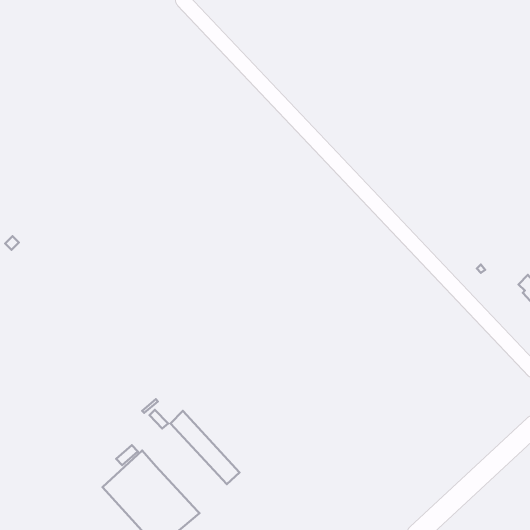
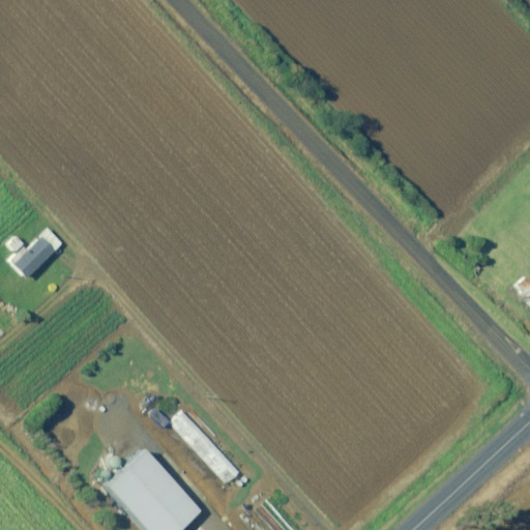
building: none -> [10,228,63,278]

